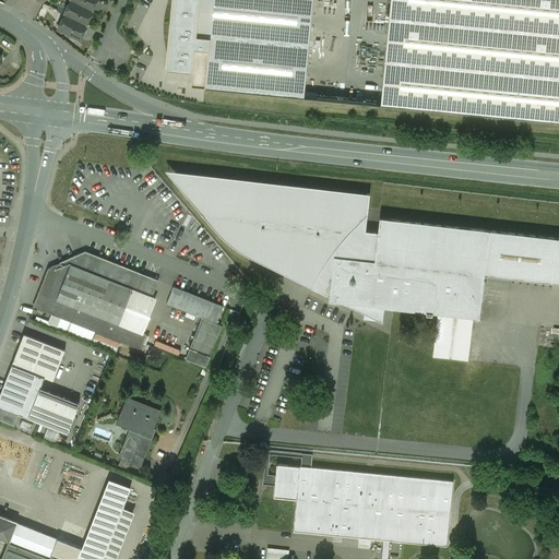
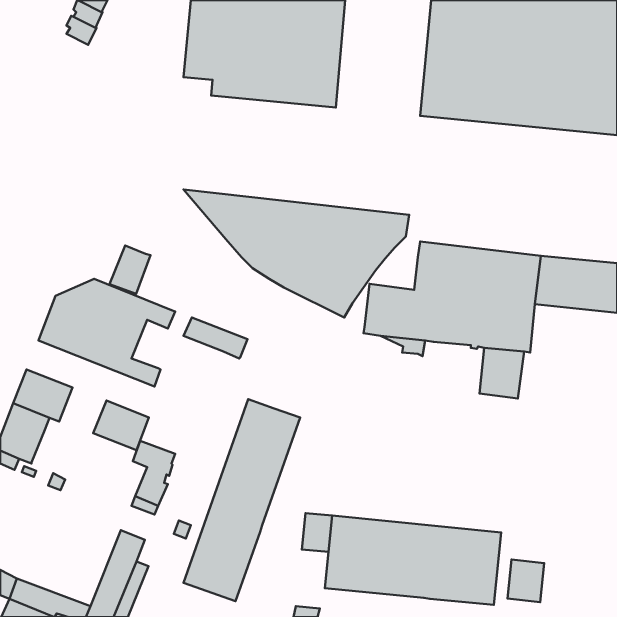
building: [311,214,378,296] -> none
building: [119,289,156,333] -> [109,245,150,294]
building: [186,318,222,367] -> none
building: none -> [183,399,300,601]
building: [28,389,79,433] -> [93,401,149,450]
building: none -> [508,560,544,602]

